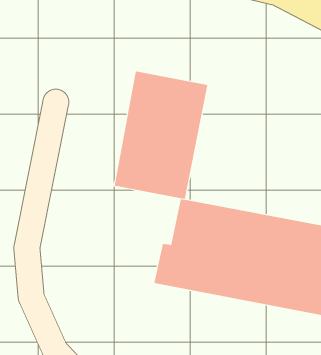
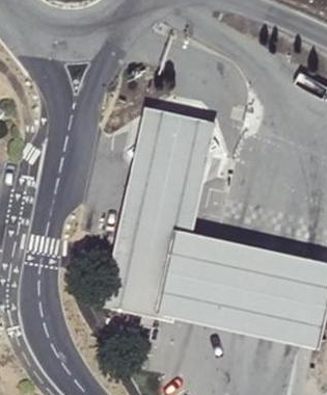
building: none -> [108,217,183,311]

